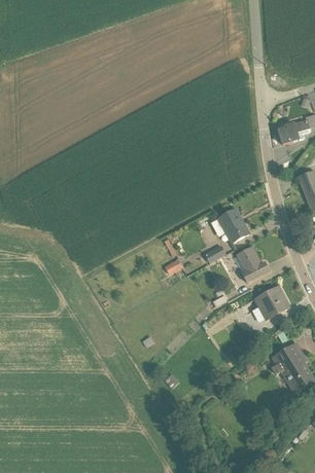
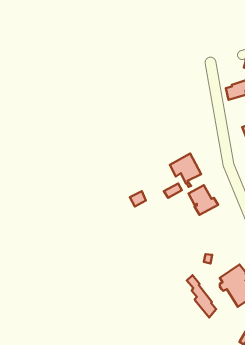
building: [251,285,288,321] -> none
building: none -> [187,275,216,318]

